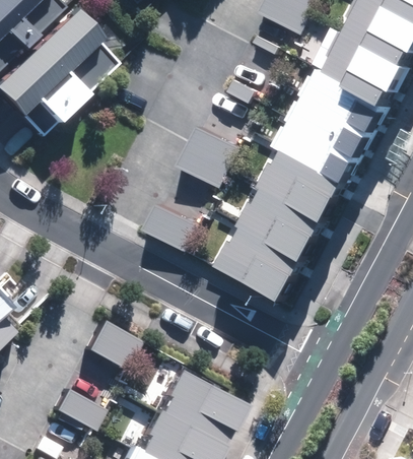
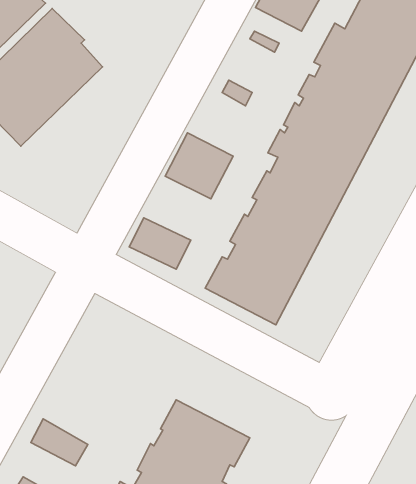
building: [86,317,141,371] -> none

